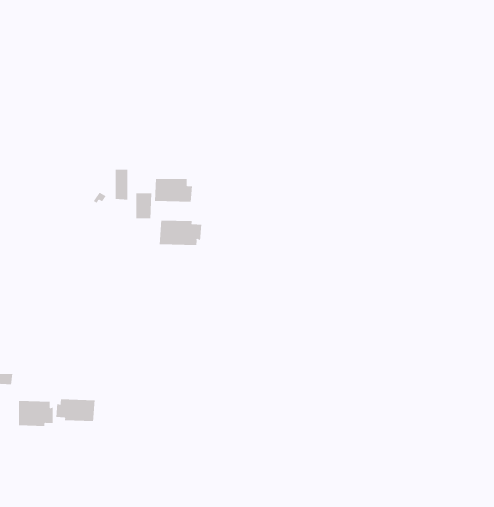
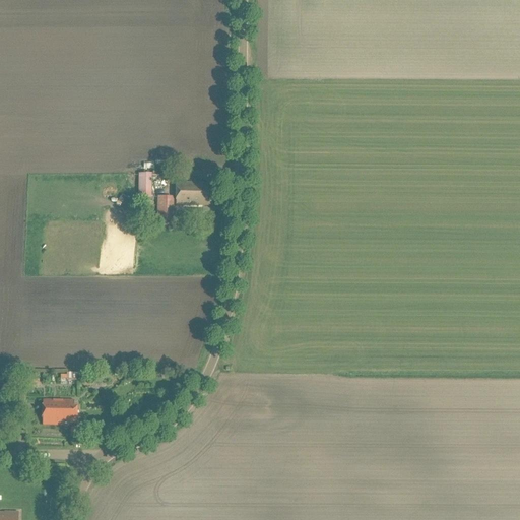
building: [159,220,202,246] -> none
building: [56,399,95,422] -> none

